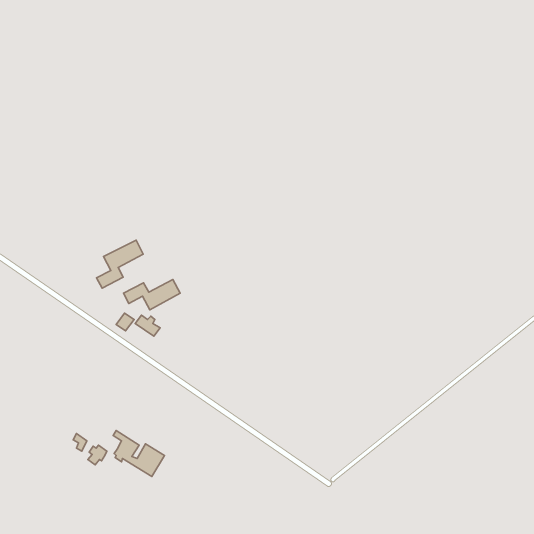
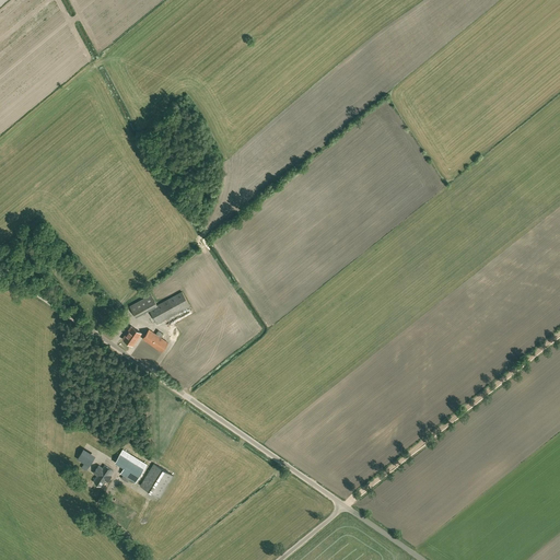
building: [96,240,143,288] -> none

